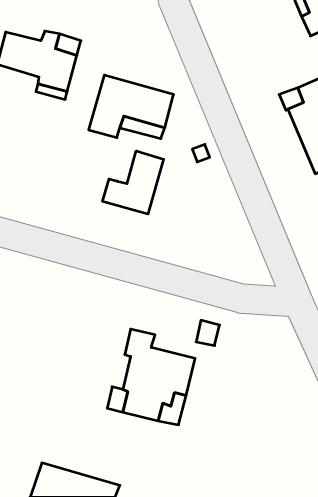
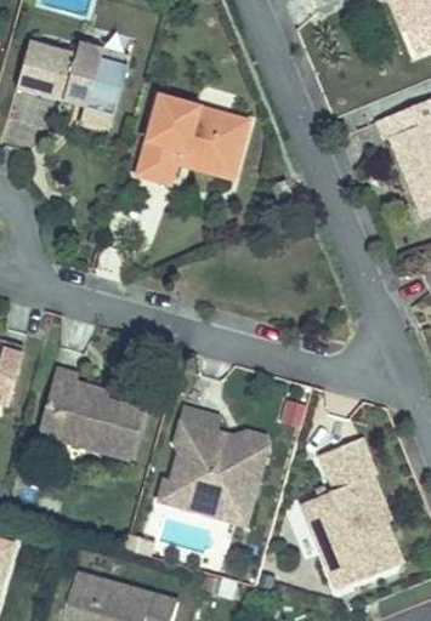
building: [103,151,164,214] -> none
building: none -> [39,365,144,460]
building: none -> [301,440,395,588]

